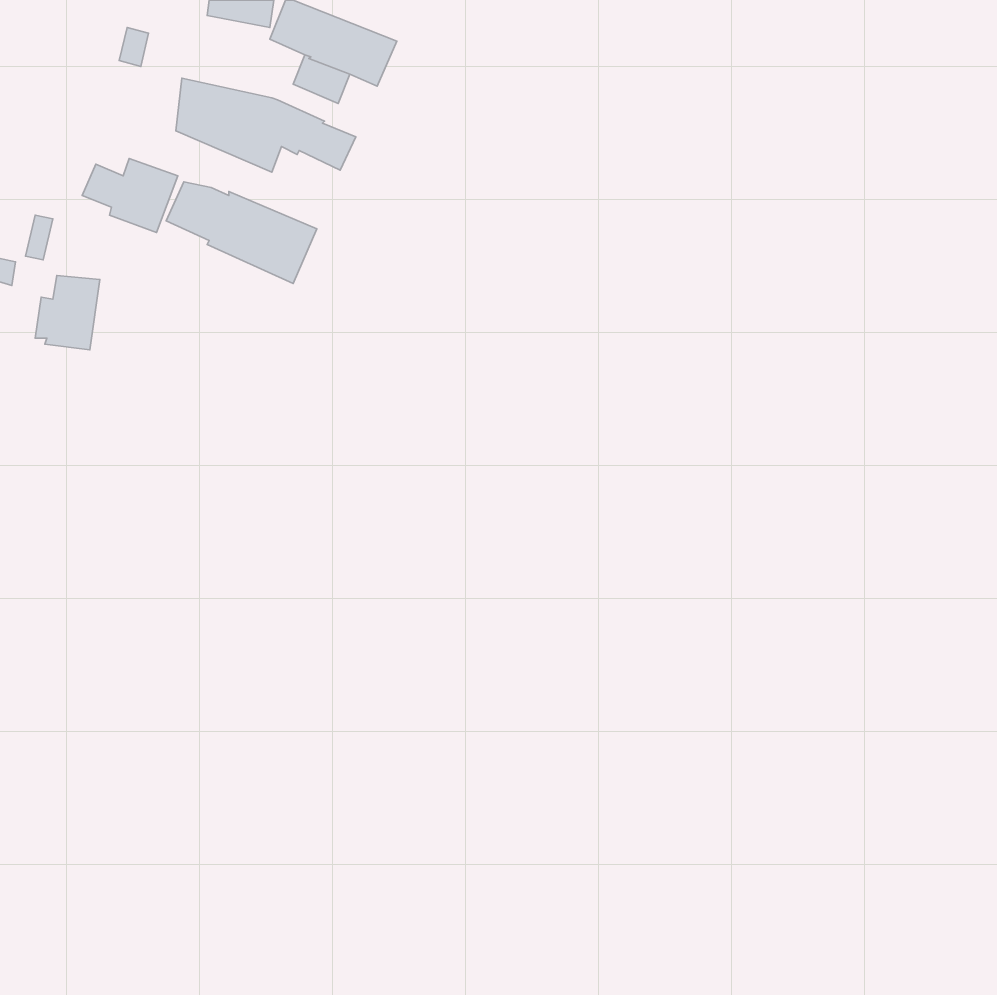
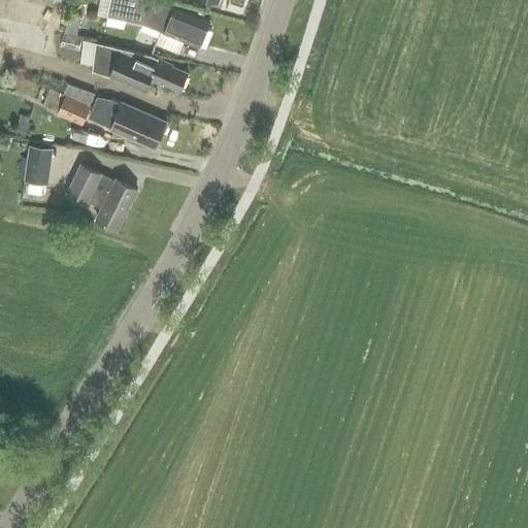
building: none -> [67,164,136,230]

